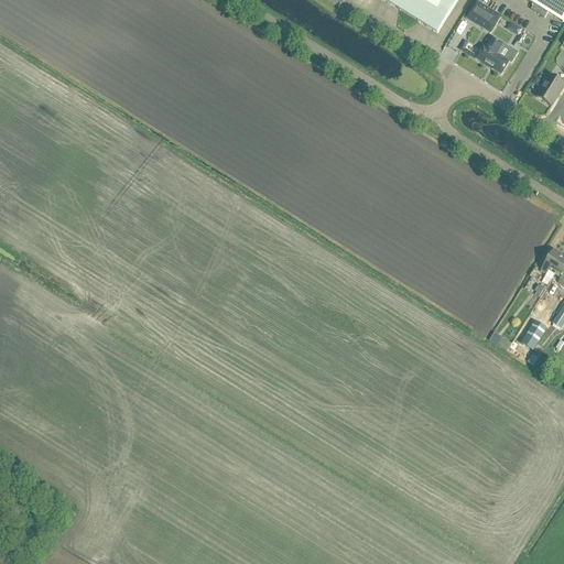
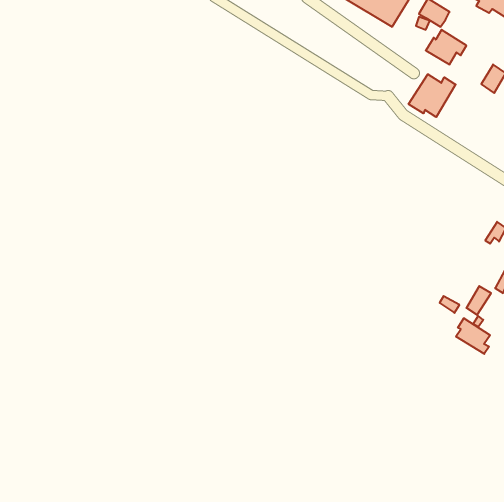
building: none -> [409,74,456,117]
building: none -> [456,318,490,354]

